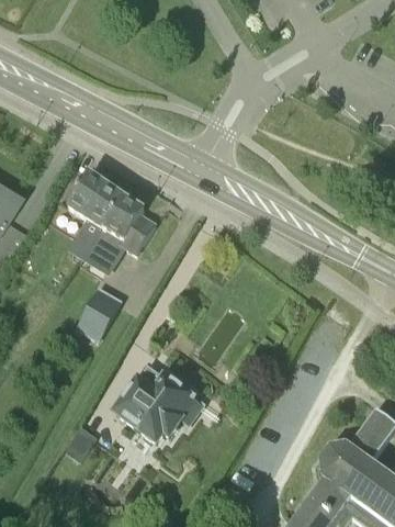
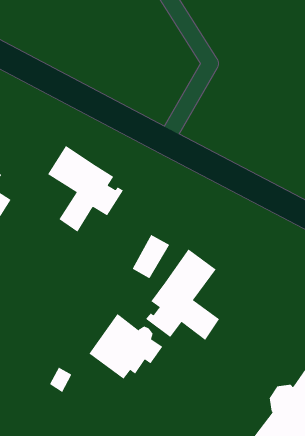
building: [77,288,121,339] -> [132,234,170,279]
building: none -> [145,249,220,341]

